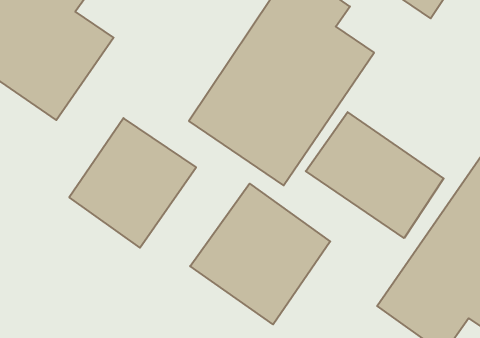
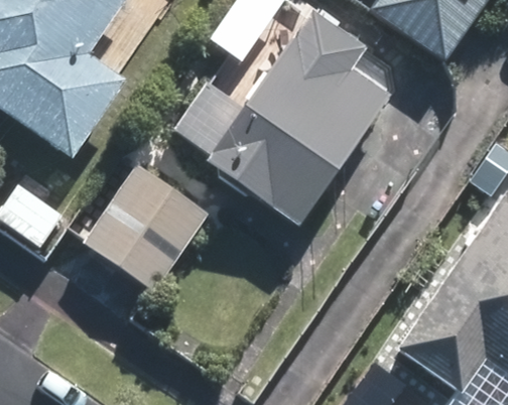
building: [306,112,444,238] -> none
building: [190,184,330,324] -> none

